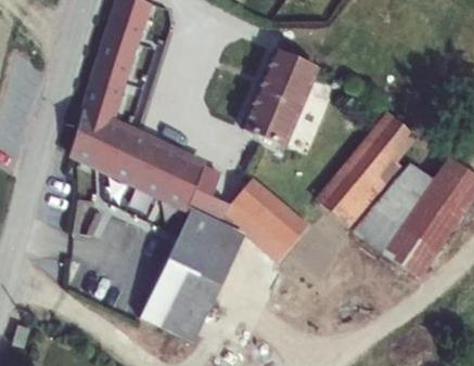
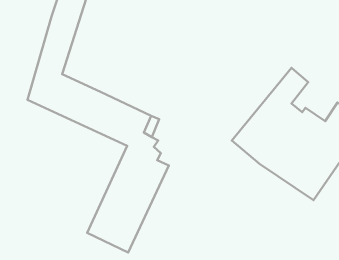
building: [243,49,318,144] -> none
building: [225,177,308,259] -> none

